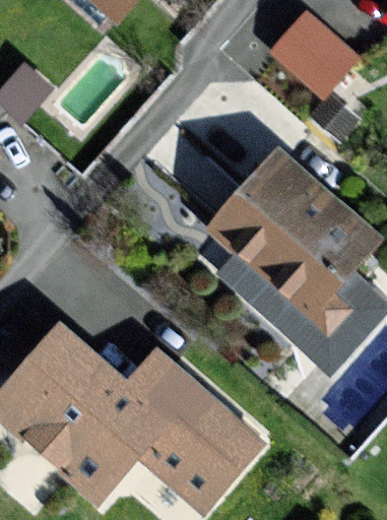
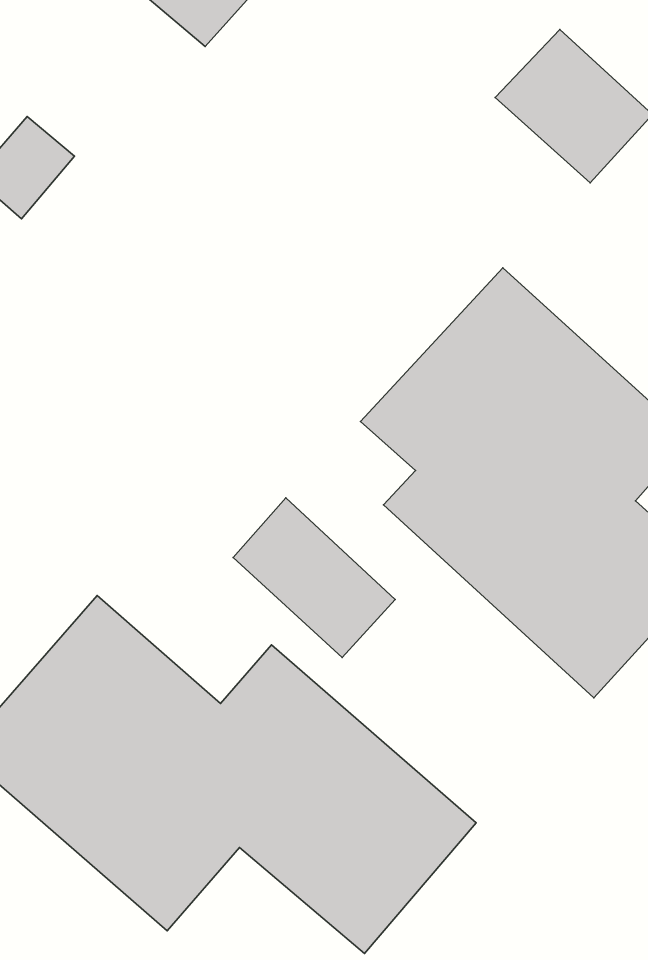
building: none -> [233,498,395,657]

